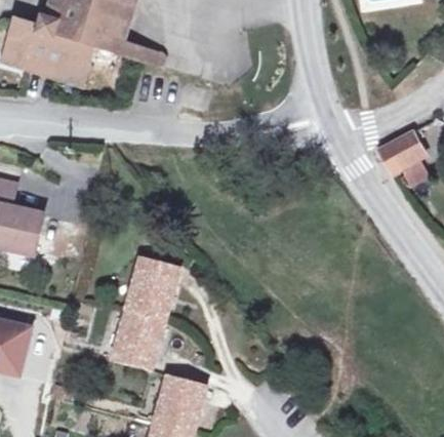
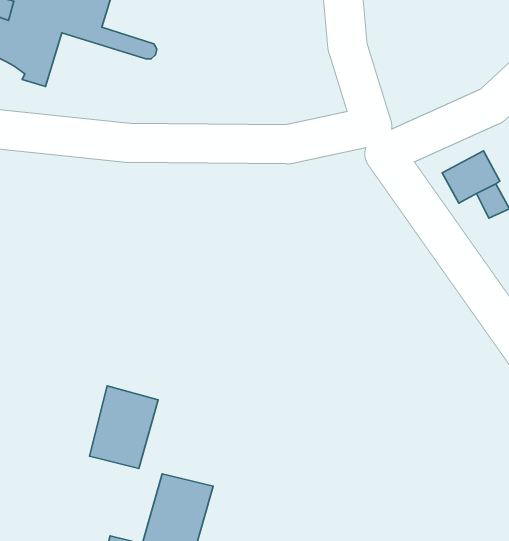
building: [126,256,178,319] -> none

